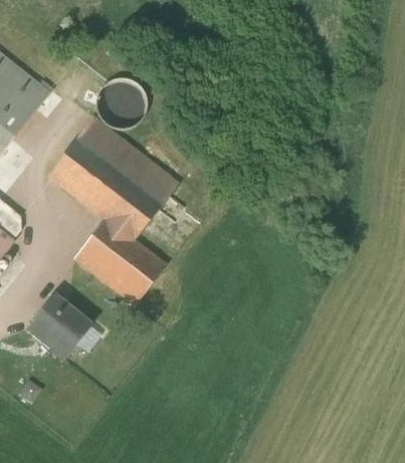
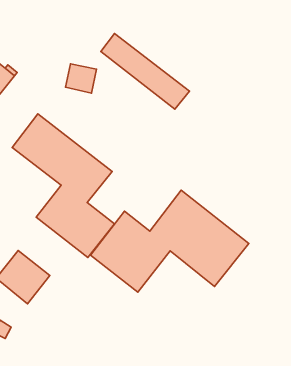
building: [75,115,179,204] -> [101,34,189,109]
building: none -> [90,190,249,292]

